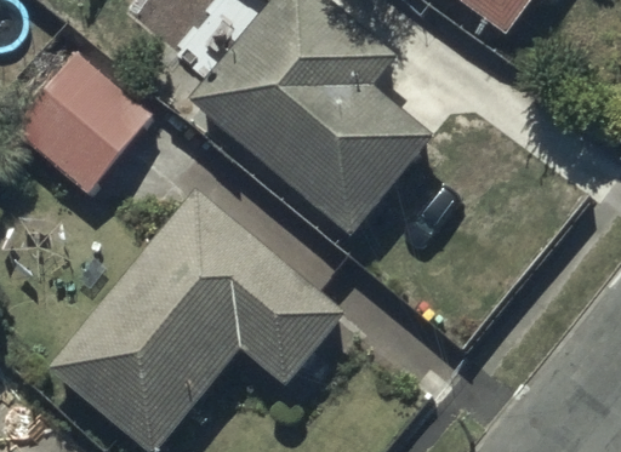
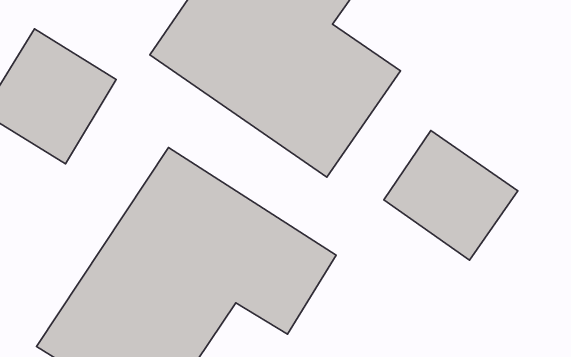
building: none -> [384,131,518,260]

